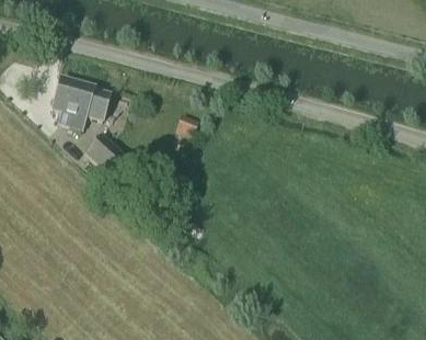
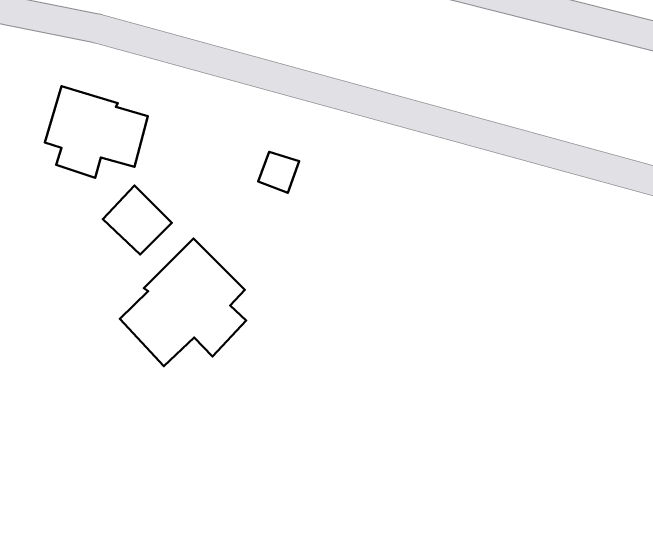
building: none -> [120,239,246,366]

